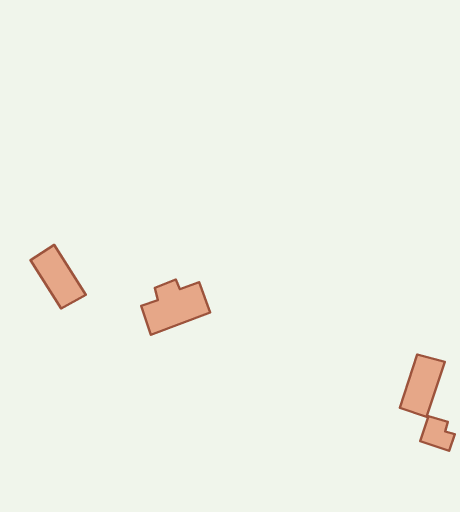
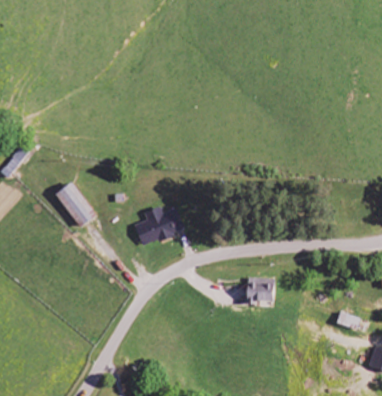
building: [400,355,445,417] -> none
building: none -> [247,278,274,302]

